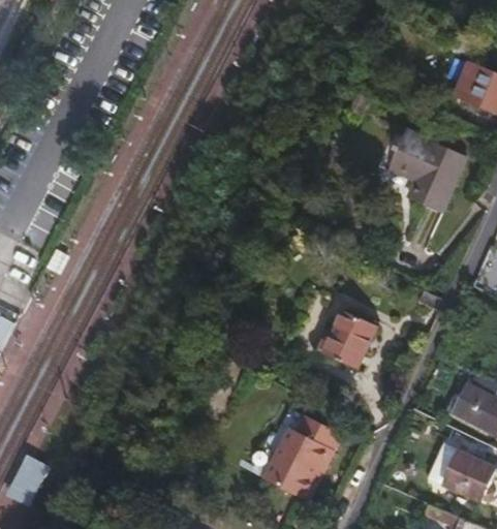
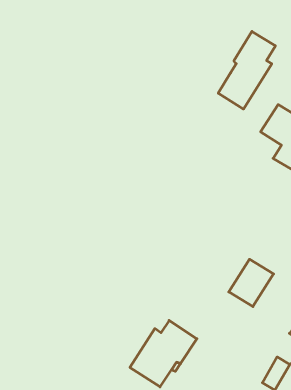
building: none -> [218,31,275,109]
building: [321,310,374,368] -> [229,259,274,307]

